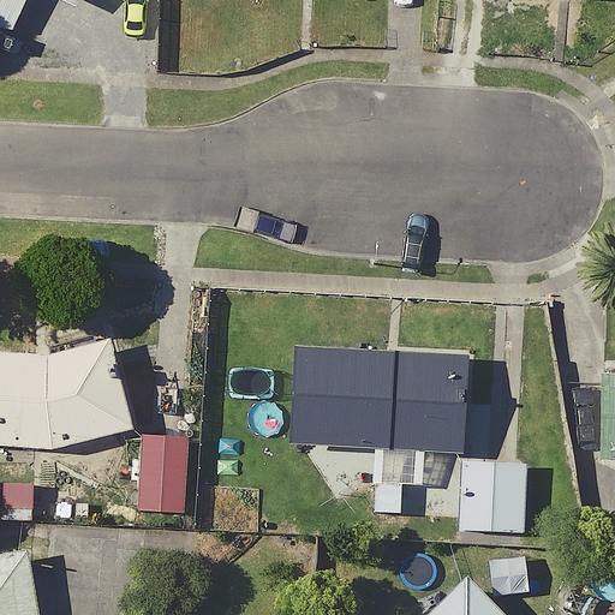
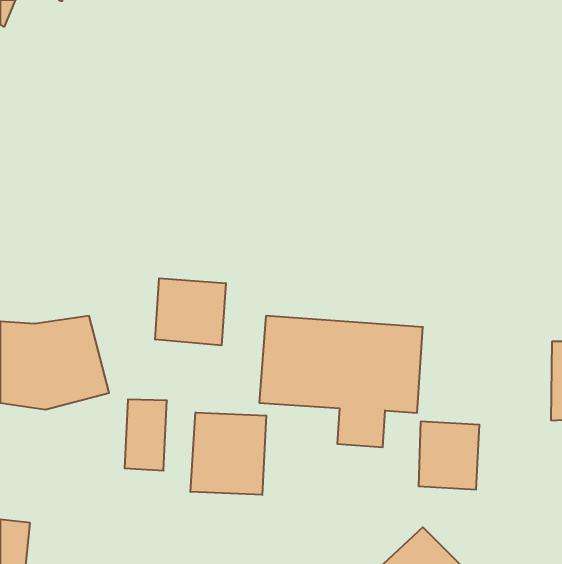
building: none -> [155,278,226,345]
building: none -> [190,412,266,495]

